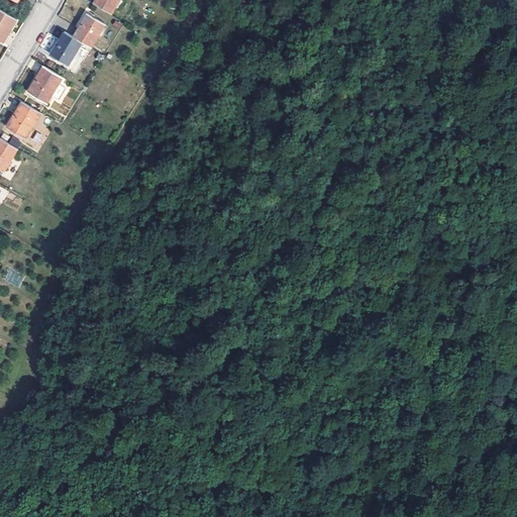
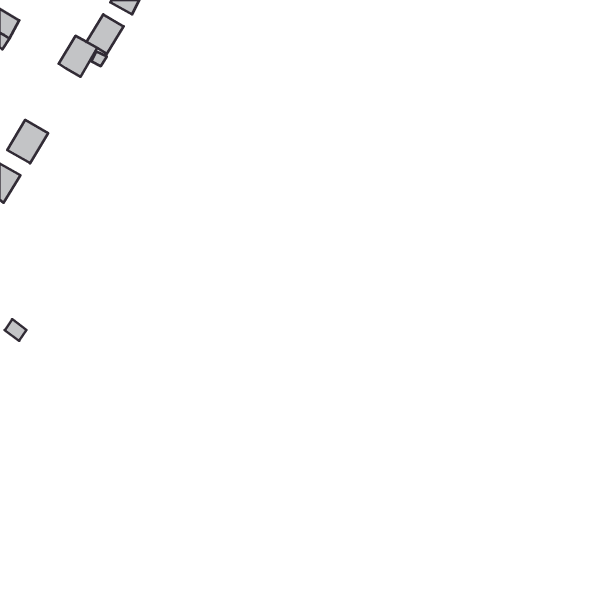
building: [27,66,63,103] -> none

